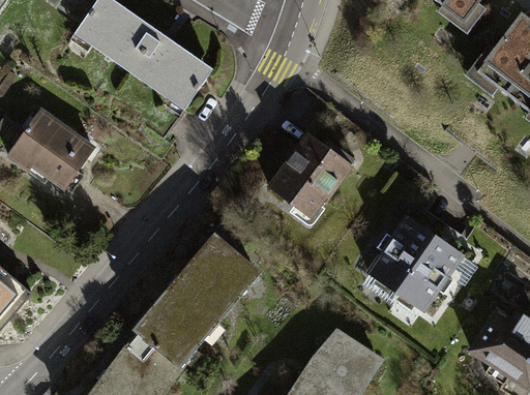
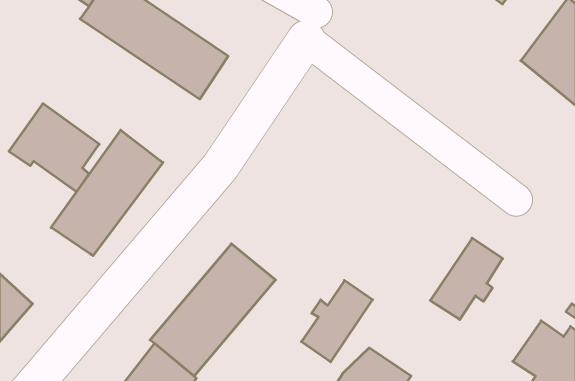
building: [269,134,355,216] -> none
building: none -> [51,130,163,256]
building: [369,217,434,292] -> [301,280,373,362]

